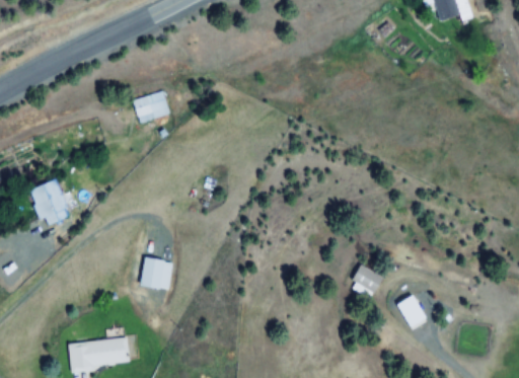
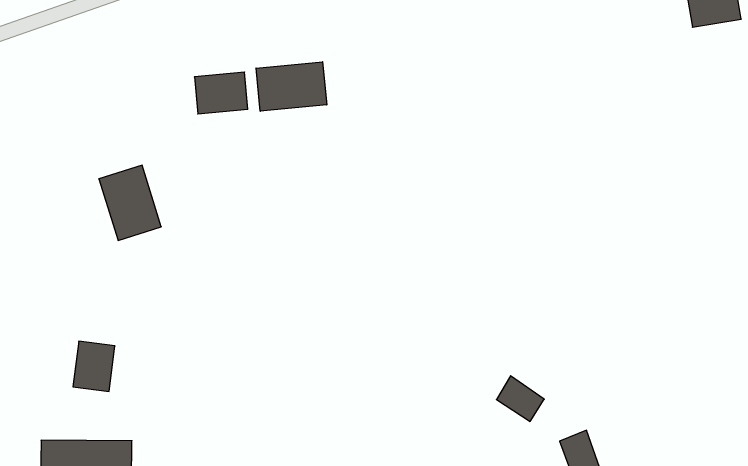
building: none -> [256,62,327,111]
building: [27,179,71,229] -> [99,165,161,240]
building: [140,256,163,286] -> [73,341,115,391]

